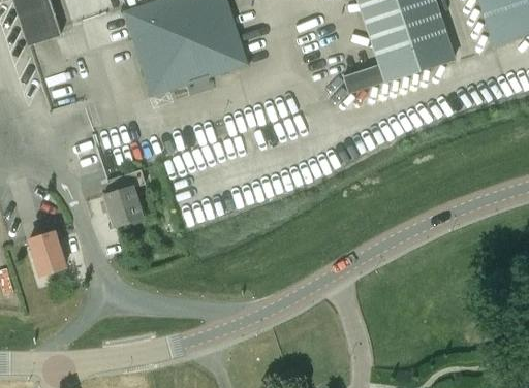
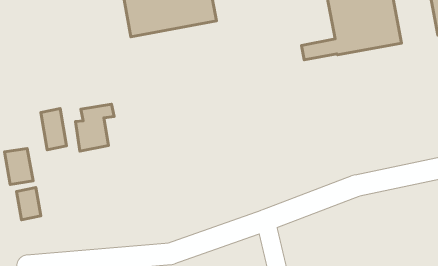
building: none -> [41,108,67,150]
building: none -> [16,187,41,220]

